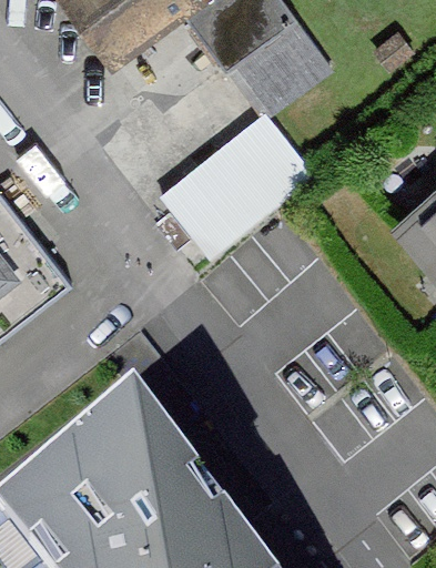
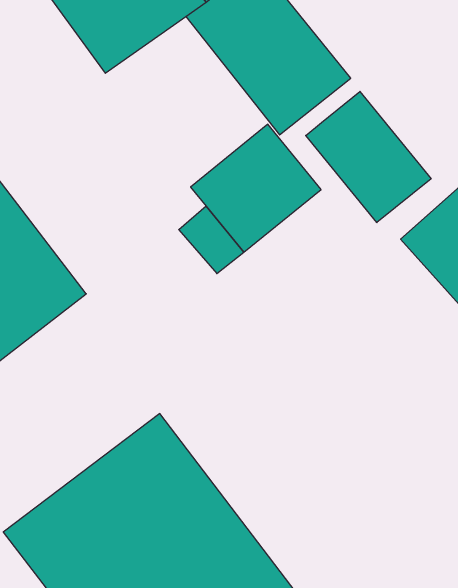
building: none -> [306,91,431,223]

